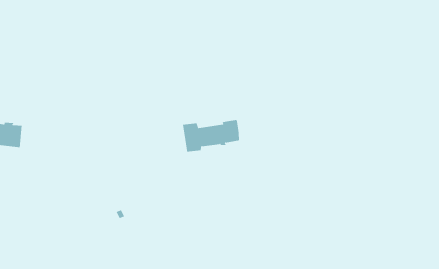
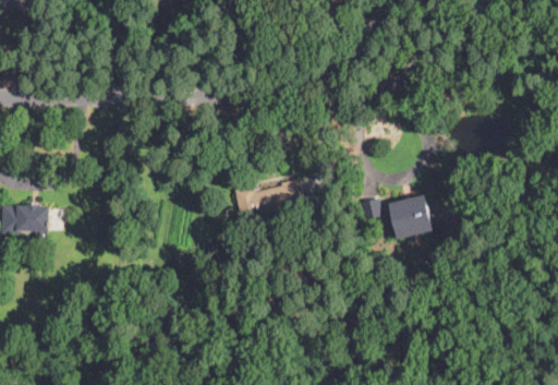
building: none -> [386,194,430,239]

